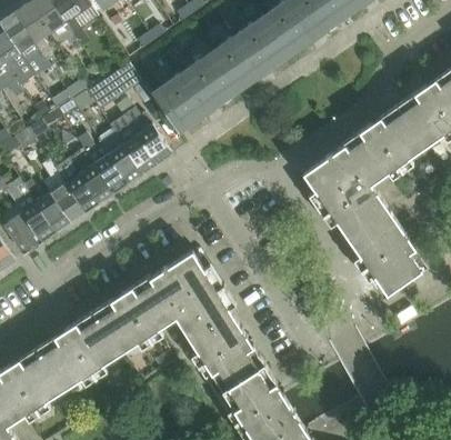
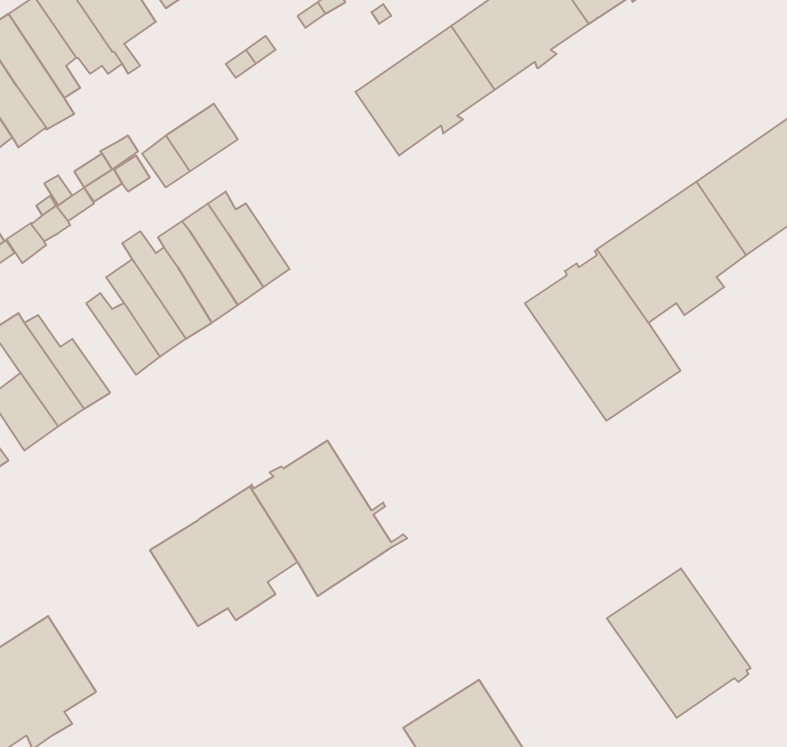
building: [153,57,231,129] -> none
building: [40,161,84,224] -> none
building: [347,212,427,296] -> [607,568,751,718]
building: [186,310,275,416] -> none
building: [36,312,119,391] -> none

